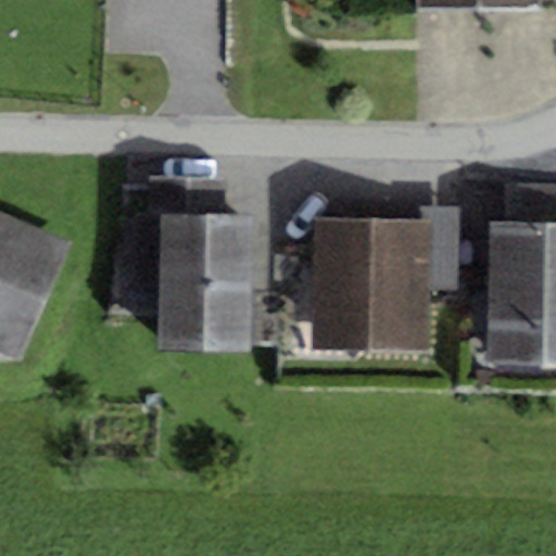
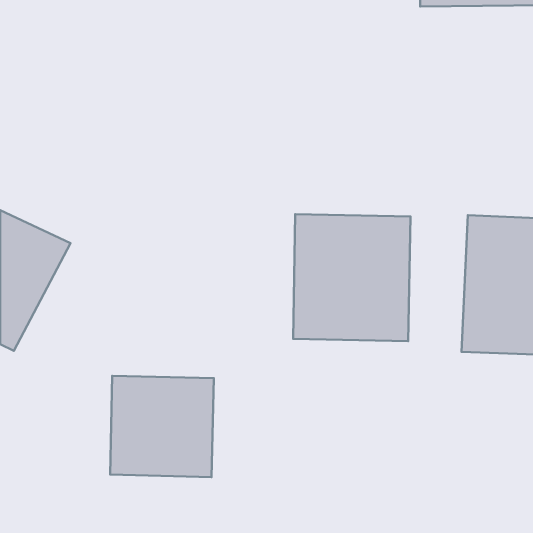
building: [153,211,250,349] -> none
building: none -> [110,376,214,477]

